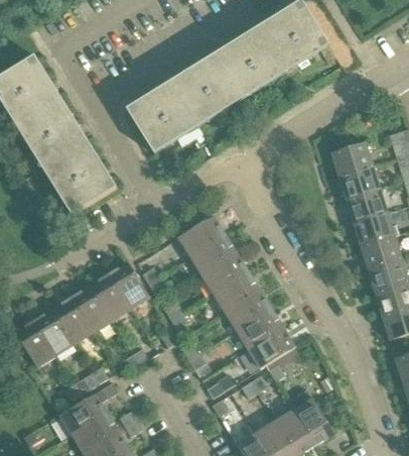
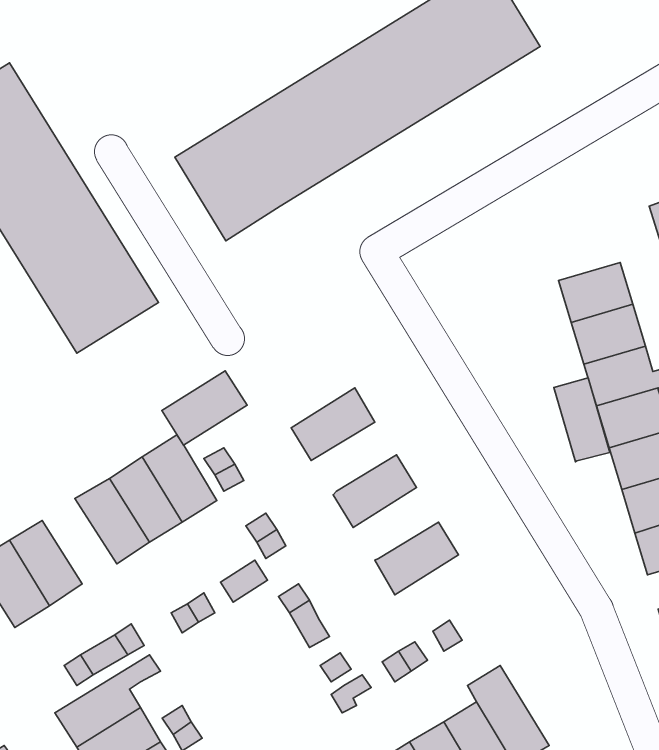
building: [331,141,373,175] -> none
building: [178,215,226,256] -> [162,371,247,445]
building: none -> [554,378,610,462]
building: [201,253,249,294] -> none
building: [225,290,272,330] -> none
building: [52,296,94,343] -> none
building: [248,327,295,367] -> none

